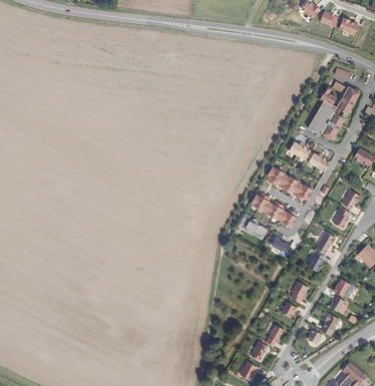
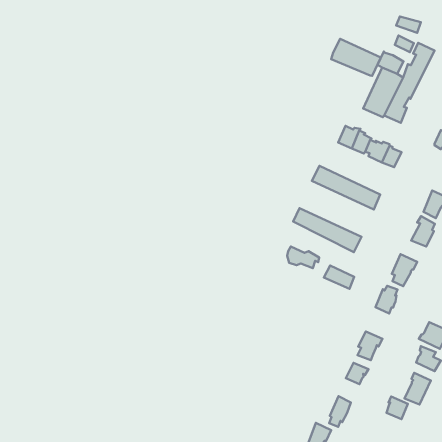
building: none -> [331,39,381,76]

